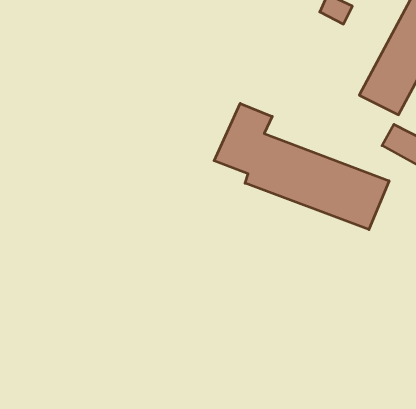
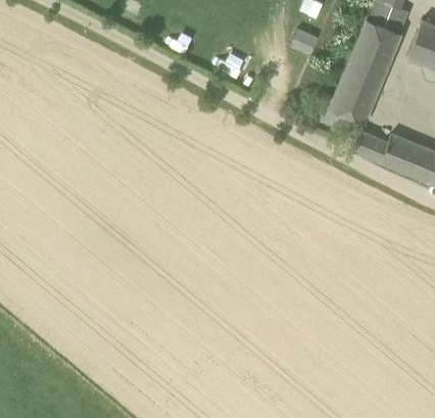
building: [214,103,389,230] -> none

